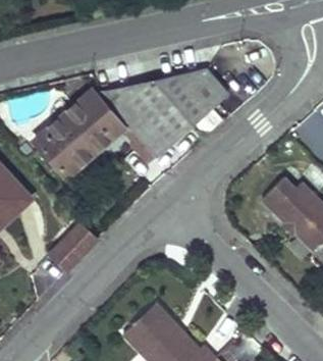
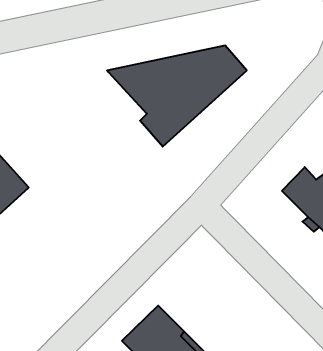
building: [37,88,125,174] -> none
building: [54,220,100,266] -> none

